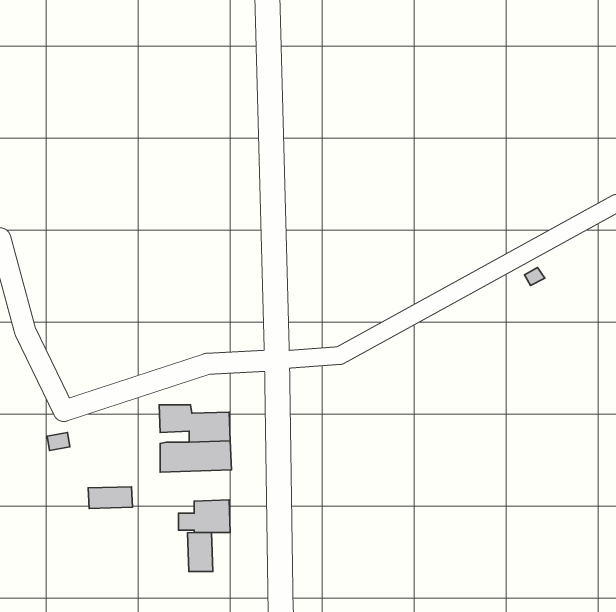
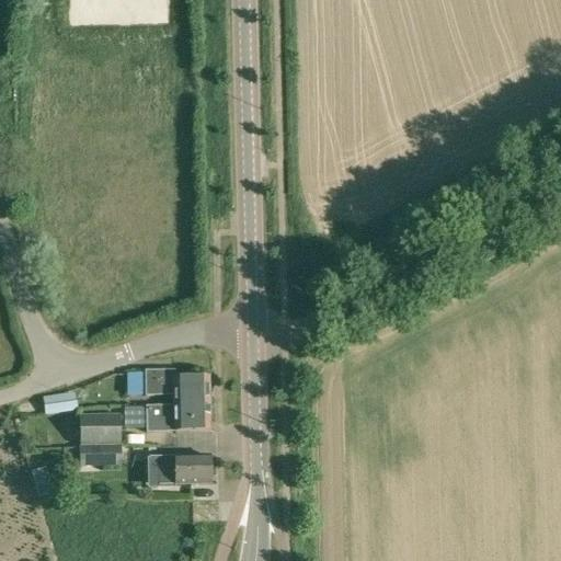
building: none -> [79,412,119,444]
building: [188,532,213,572] -> none

